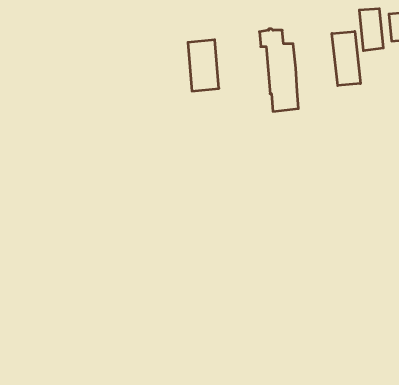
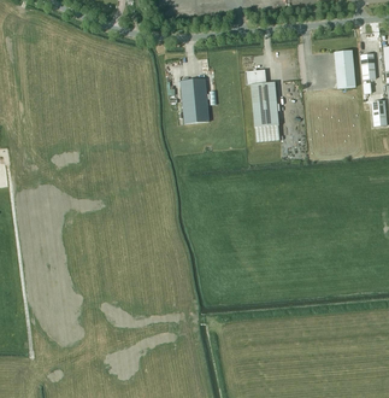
building: [332,31,360,86] -> none

